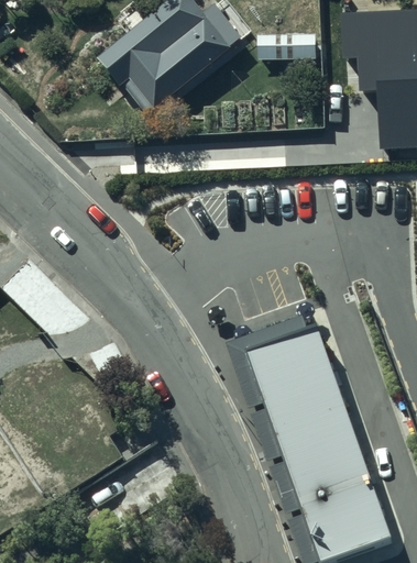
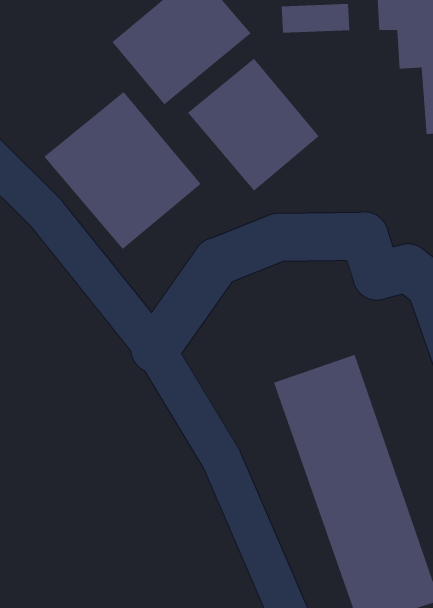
building: none -> [187,58,320,191]
building: none -> [44,91,201,250]

